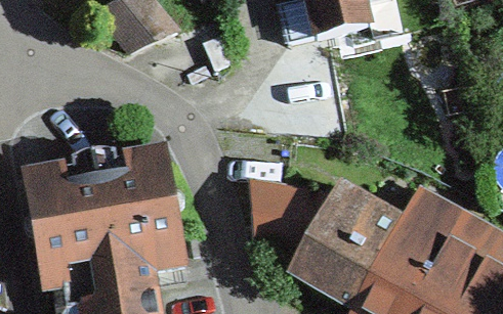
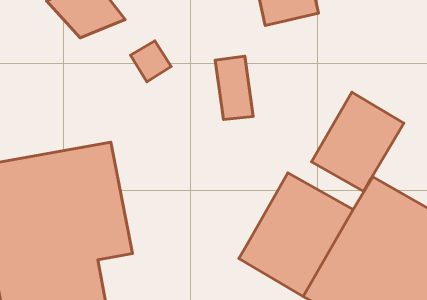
building: none -> [312,92,404,191]
building: [252,185,333,256] -> none

